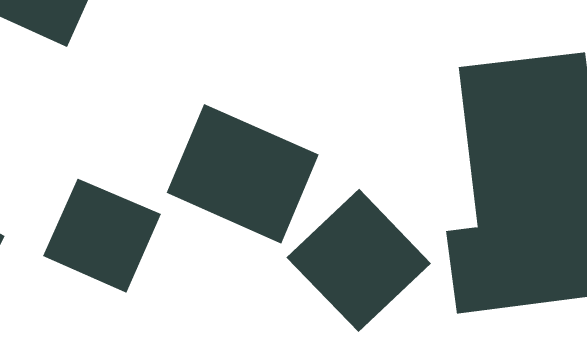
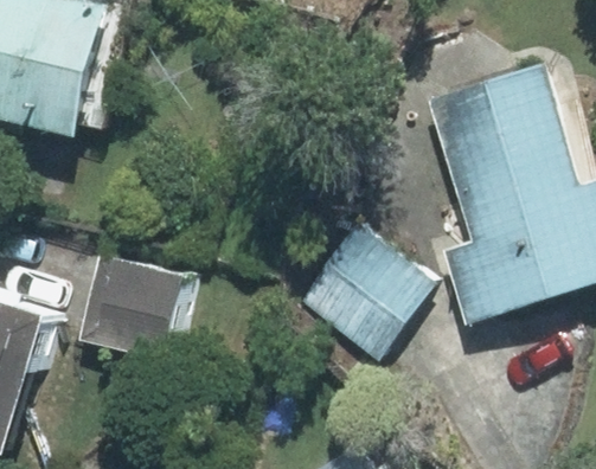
building: [166,103,320,244] -> none

